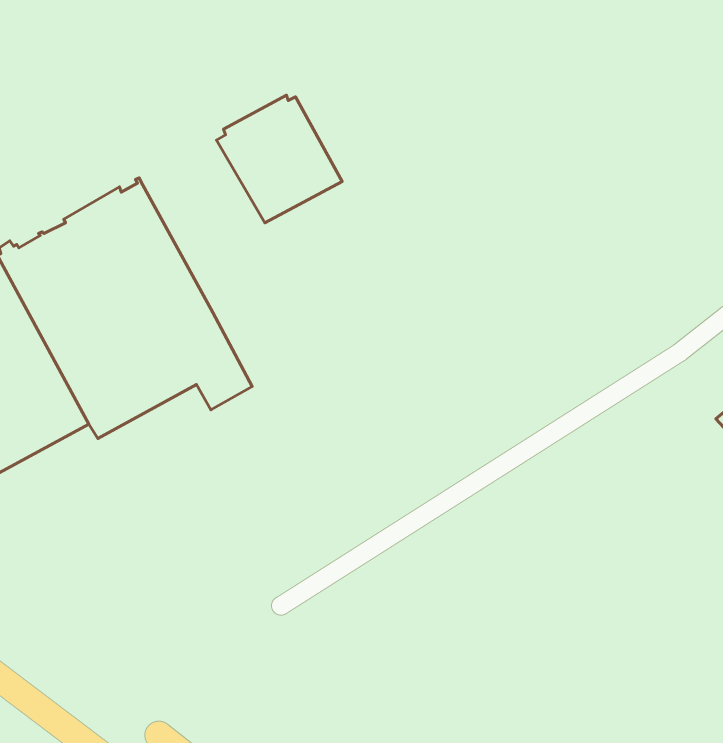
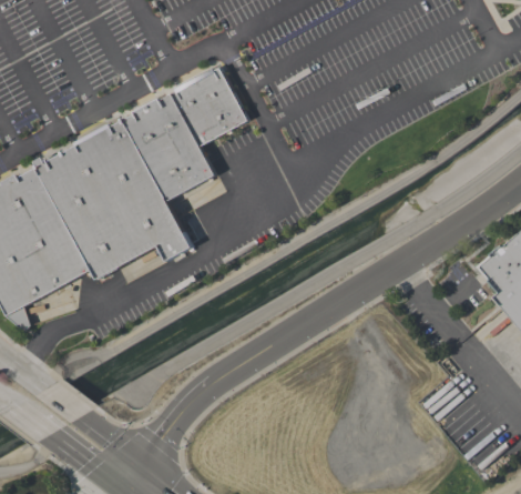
building: none -> [124,93,216,200]

